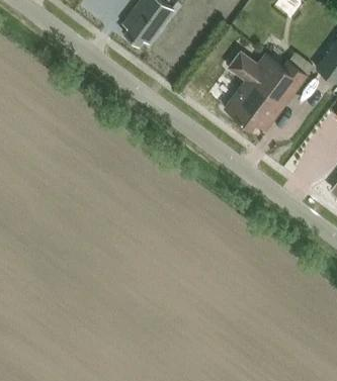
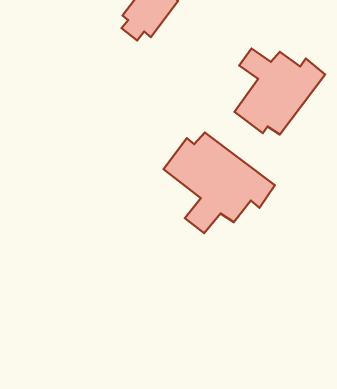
building: none -> [164,132,275,233]

